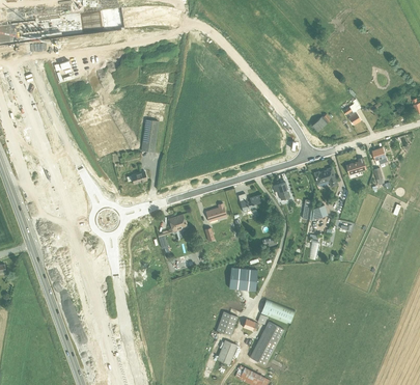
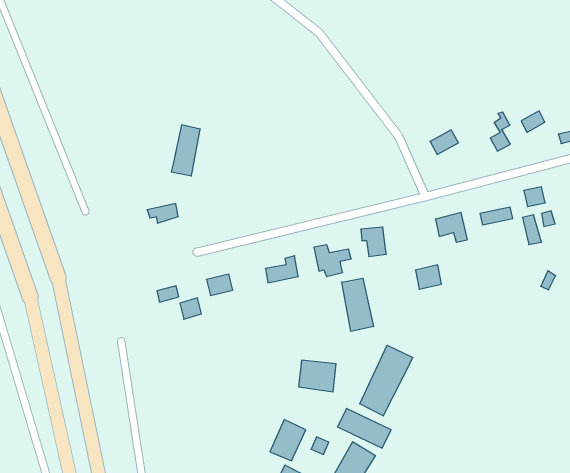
building: none -> [342,278,373,331]
building: none -> [360,345,413,416]

